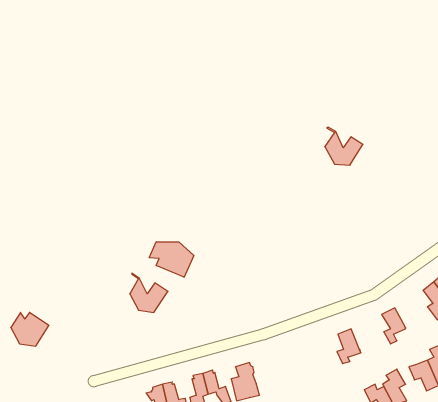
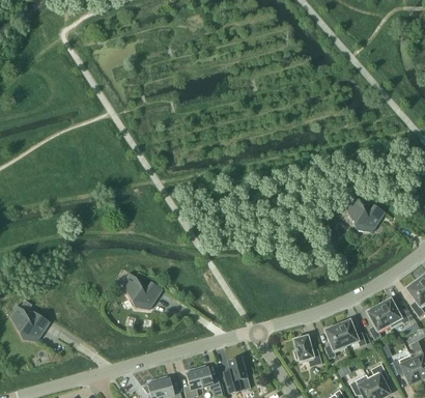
building: [325,127,363,165] -> [348,195,385,231]
building: [149,242,194,277] -> none
building: none -> [378,297,409,329]
building: none -> [337,319,366,346]
building: none -> [292,335,321,366]

